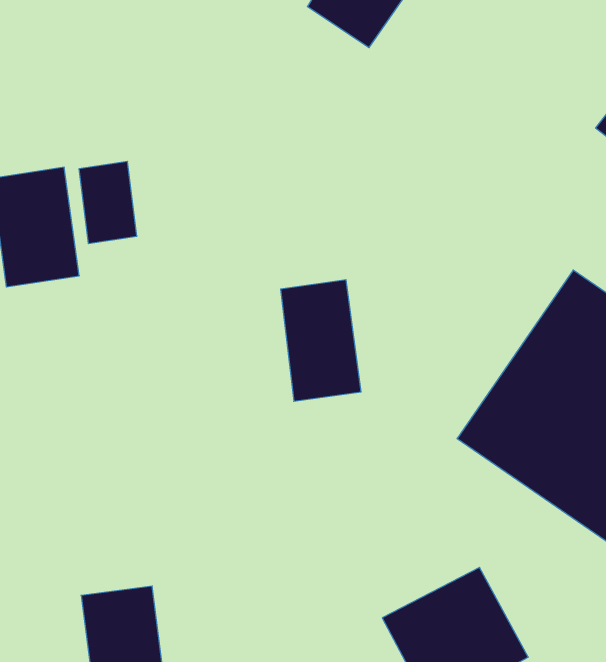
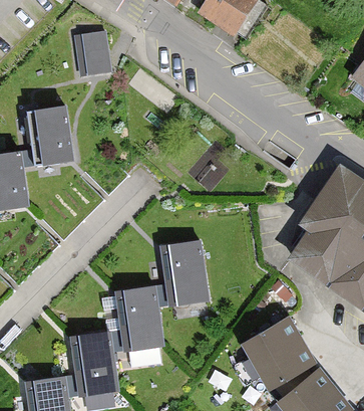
building: [79,161,137,244] -> [82,32,113,76]
building: [281,280,361,401] -> [164,240,208,305]
building: none -> [121,285,165,351]

